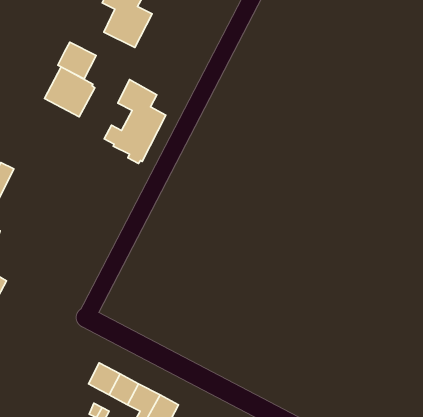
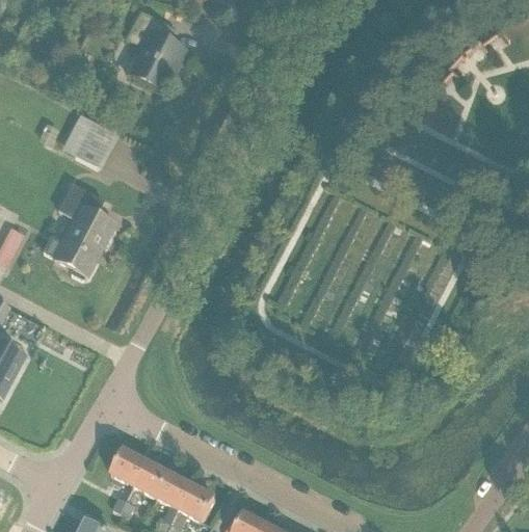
building: [58,42,96,79] -> none
building: [104,79,166,163] -> [44,183,114,278]

